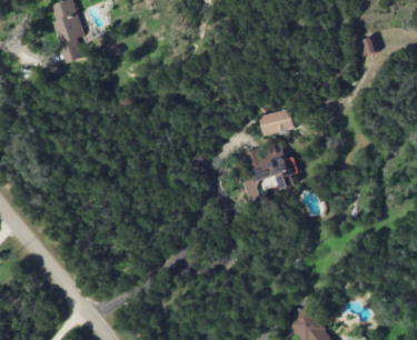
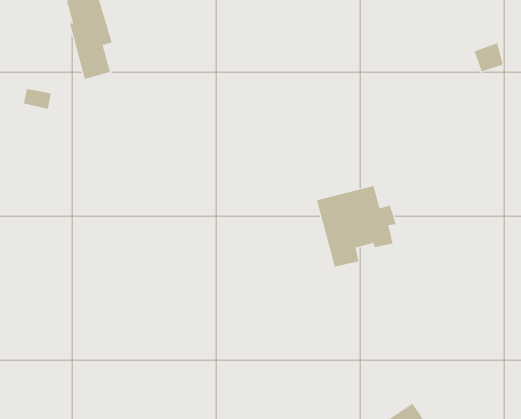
building: [258,110,292,134] -> none

